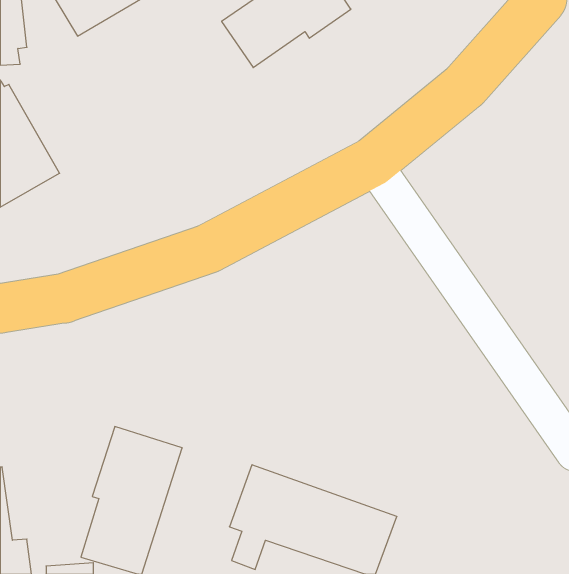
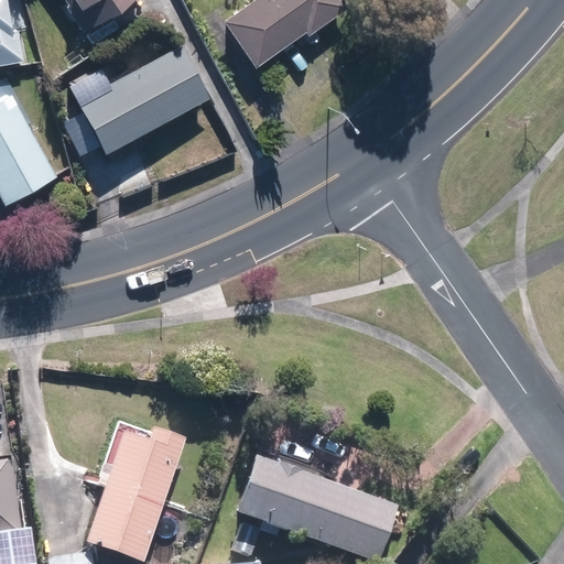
building: none -> [66,44,210,156]

